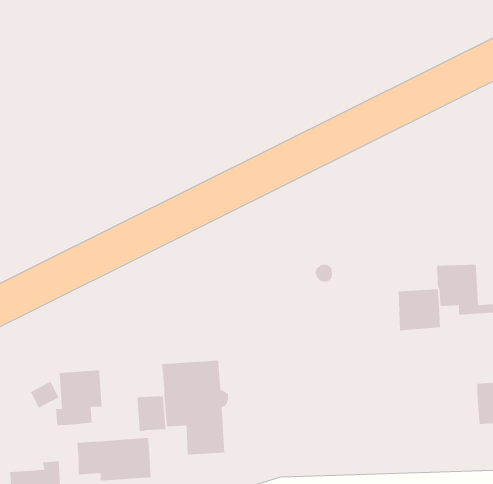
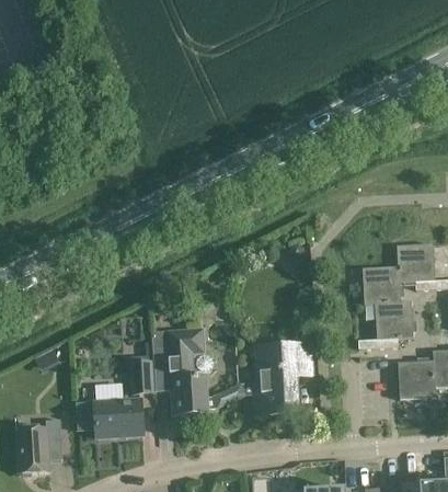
building: none -> [358,300,413,347]
building: [55,370,102,426] -> none
building: none -> [254,343,312,414]
building: none -> [398,359,436,398]

